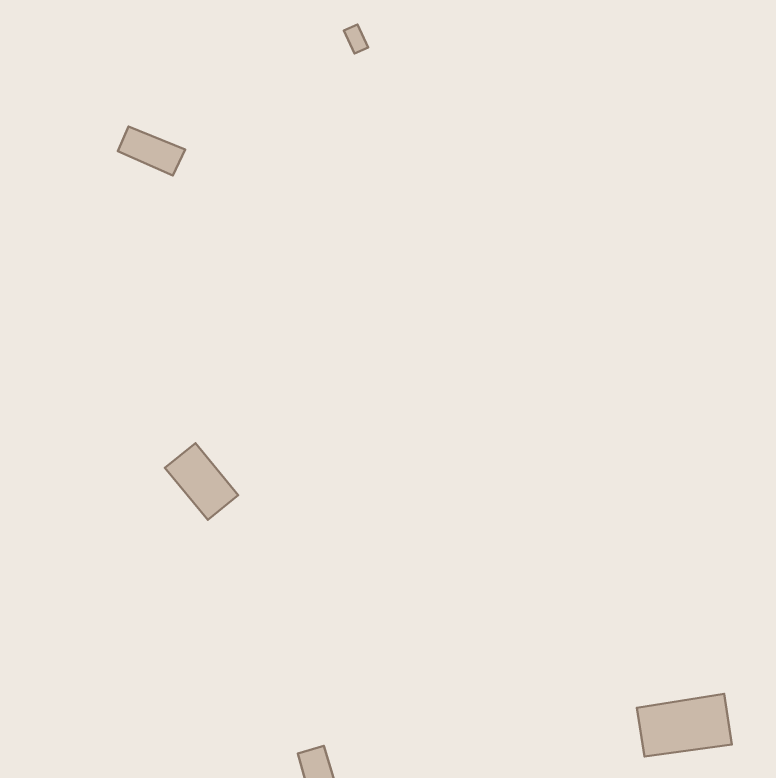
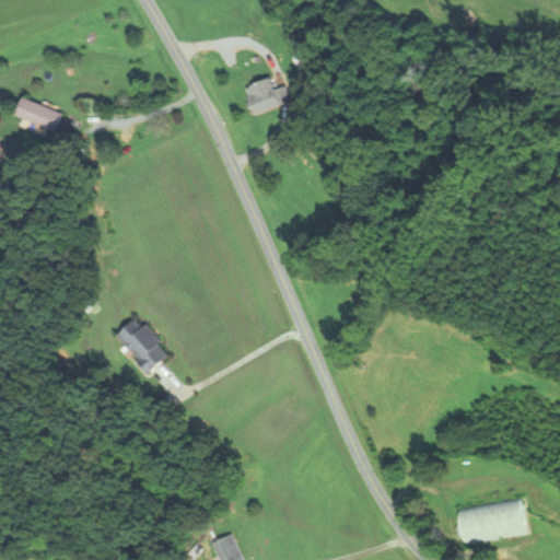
building: none -> [244,79,289,115]
building: [118,127,185,175] -> [15,97,63,132]

